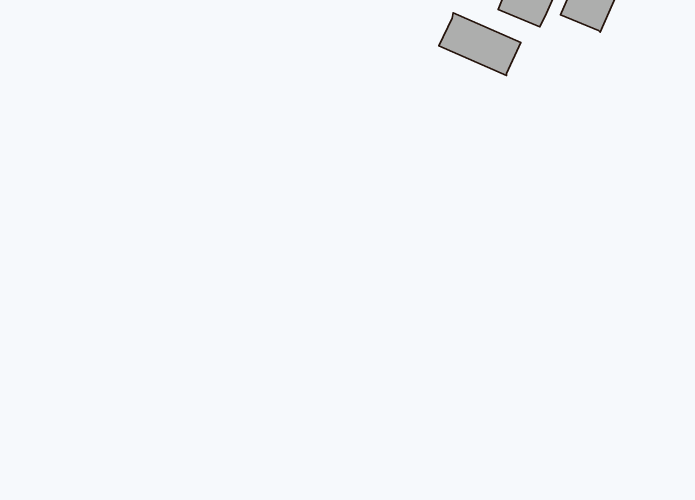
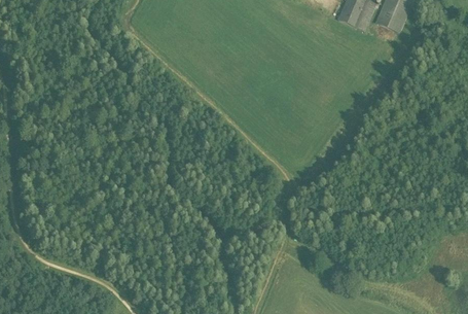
building: [439,13,521,75] -> none

